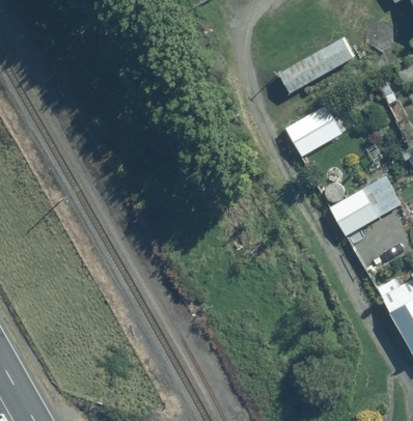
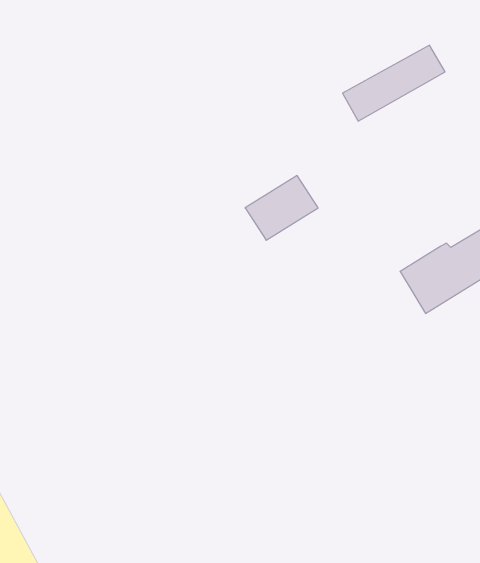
building: [286,105,340,152] -> [245,176,318,240]

